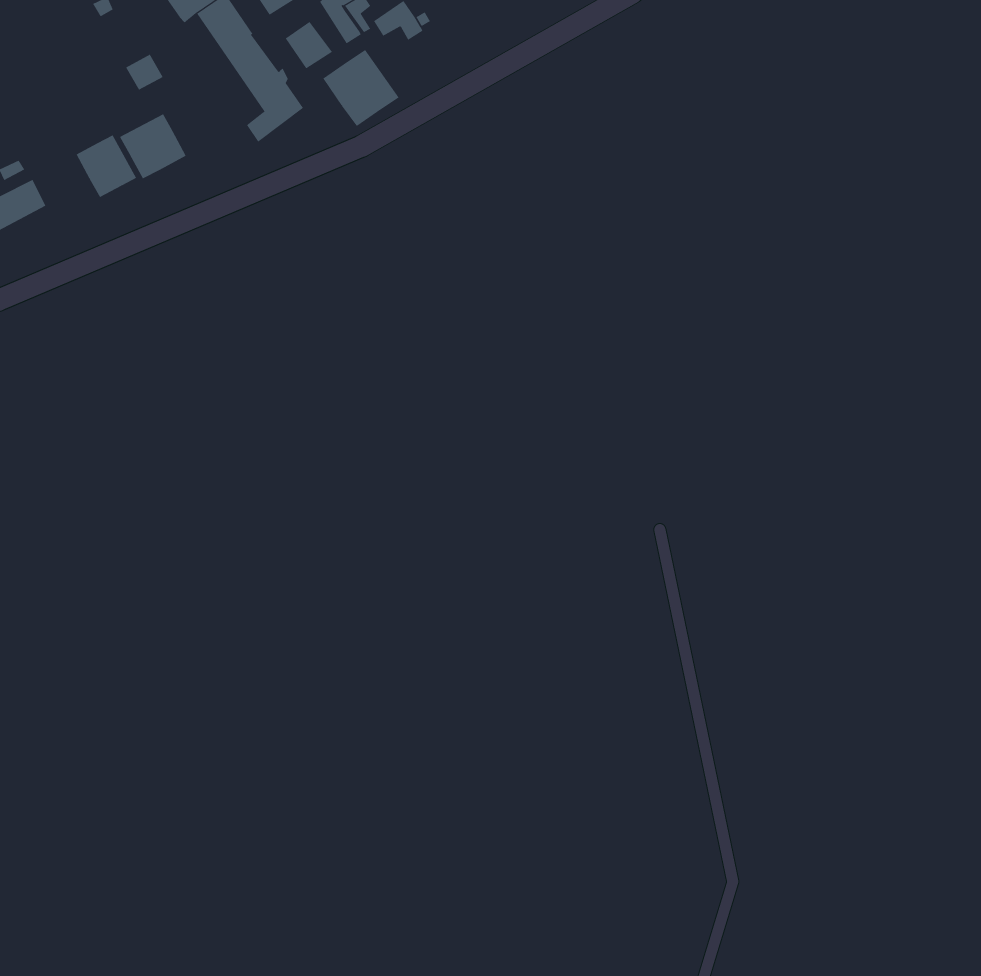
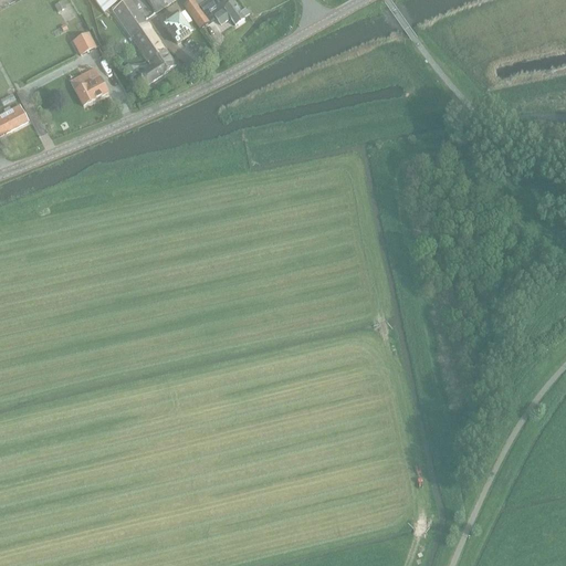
building: [322,49,399,127] -> none
building: [76,135,137,198] -> none

